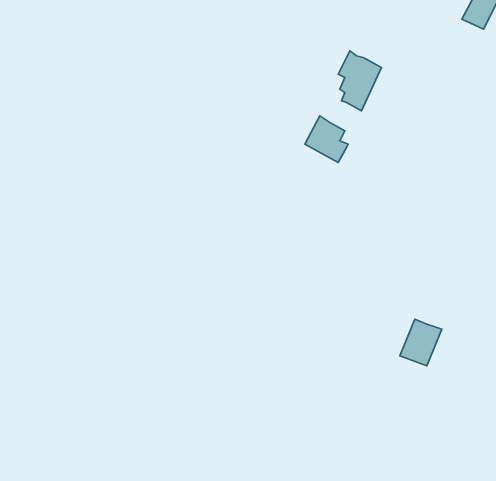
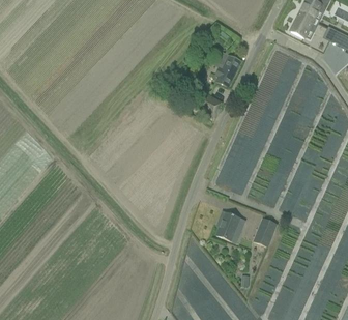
building: none -> [216,210,240,239]

